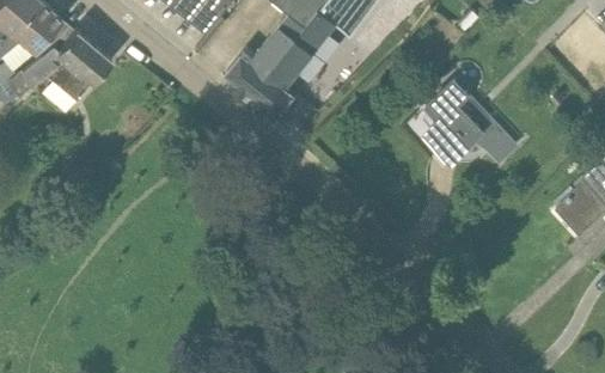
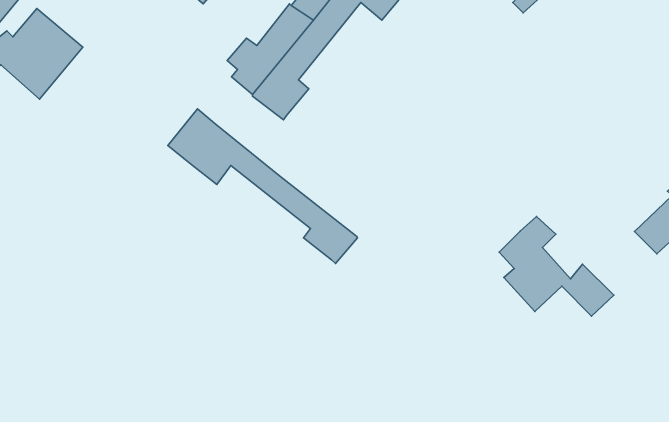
building: [426,80,518,160] -> [499,216,614,316]
building: none -> [168,109,357,263]

